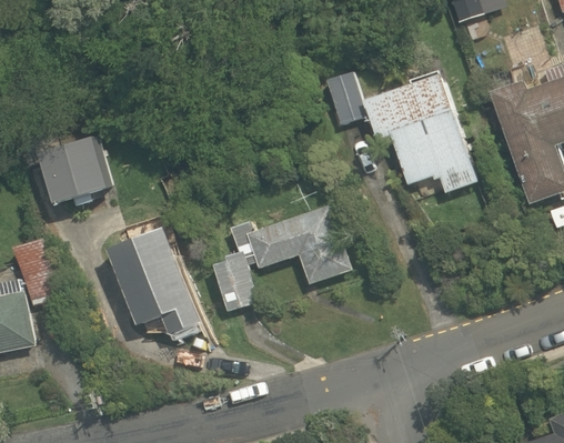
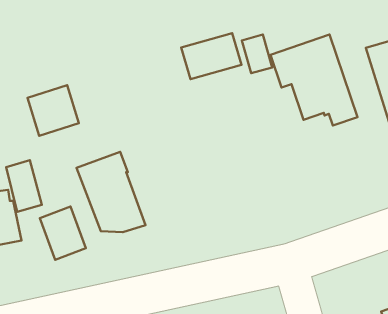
building: none -> [181,33,241,79]
building: [213,208,353,314] -> none
building: none -> [40,206,86,260]

